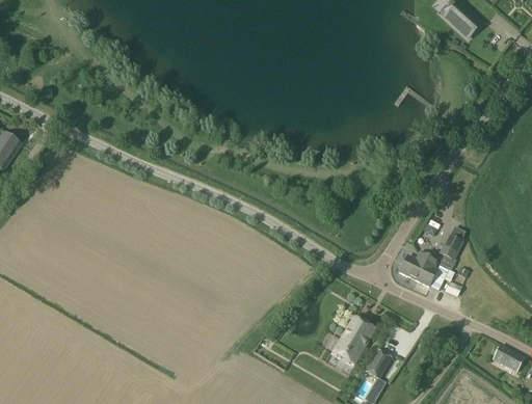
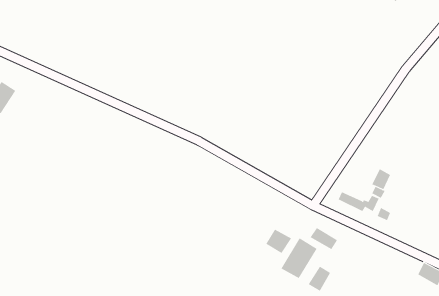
building: [403,251,437,272] -> none
building: none -> [310,227,338,250]
building: none -> [265,229,292,254]

